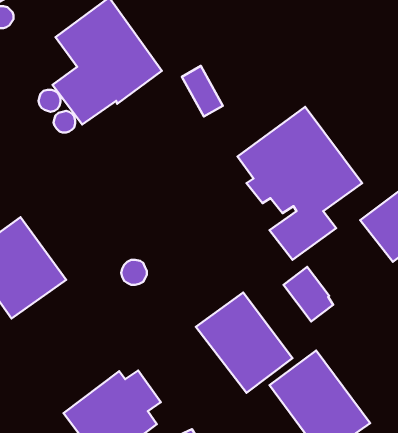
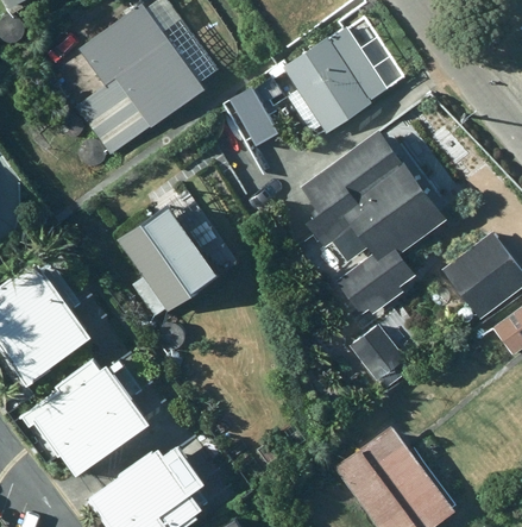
building: none -> [283,27,386,132]
building: none -> [118,205,218,310]
building: [196,292,292,393] -> none
building: none -> [23,362,150,478]

